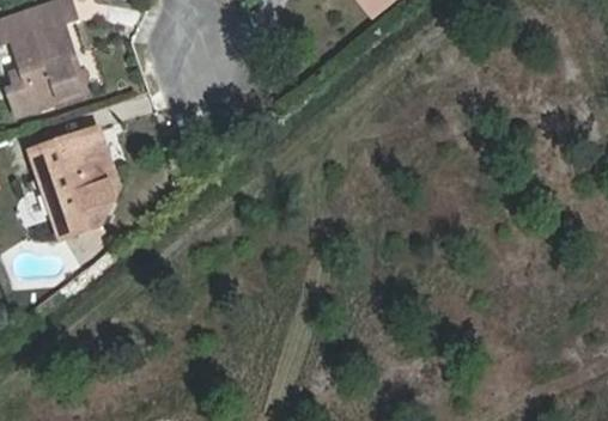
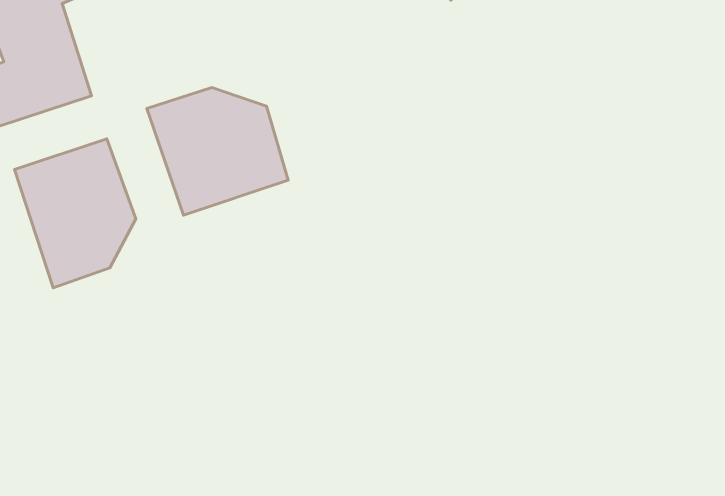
building: none -> [147,88,288,215]

